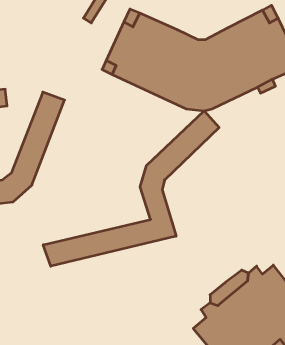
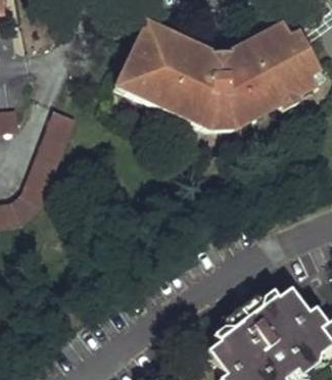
building: [43,111,219,266] -> none

